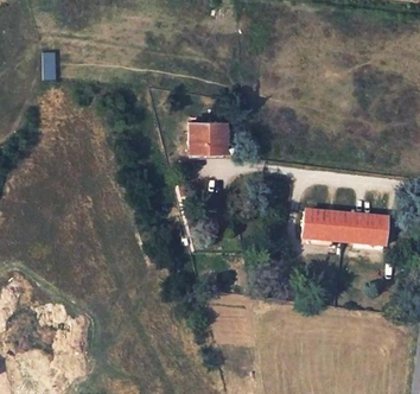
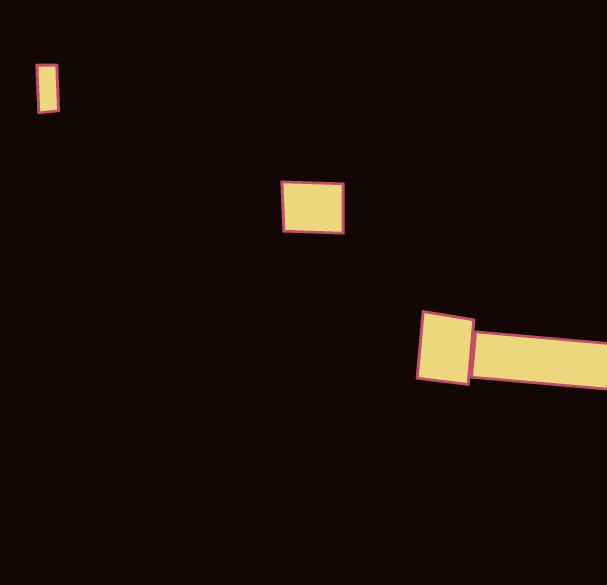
building: none -> [417,312,474,384]

